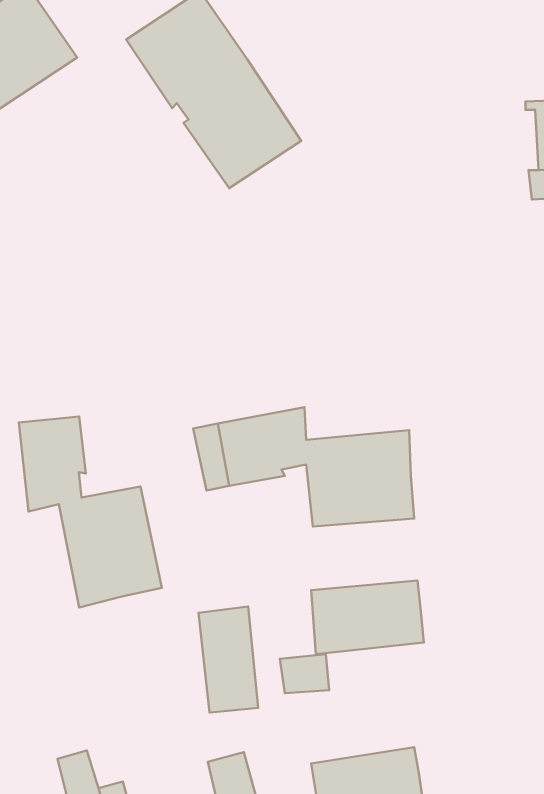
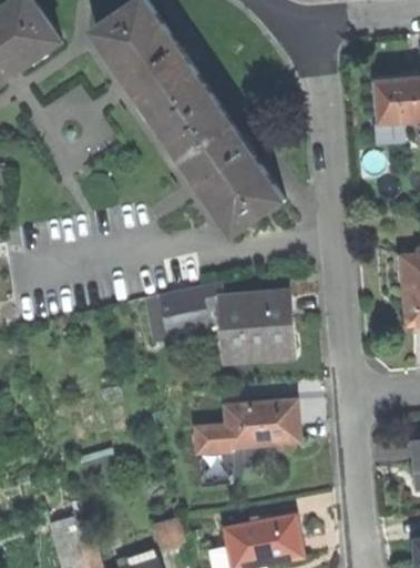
building: none -> [166,102,284,234]
building: [19,416,162,607] -> none
building: [198,606,258,712] -> none

